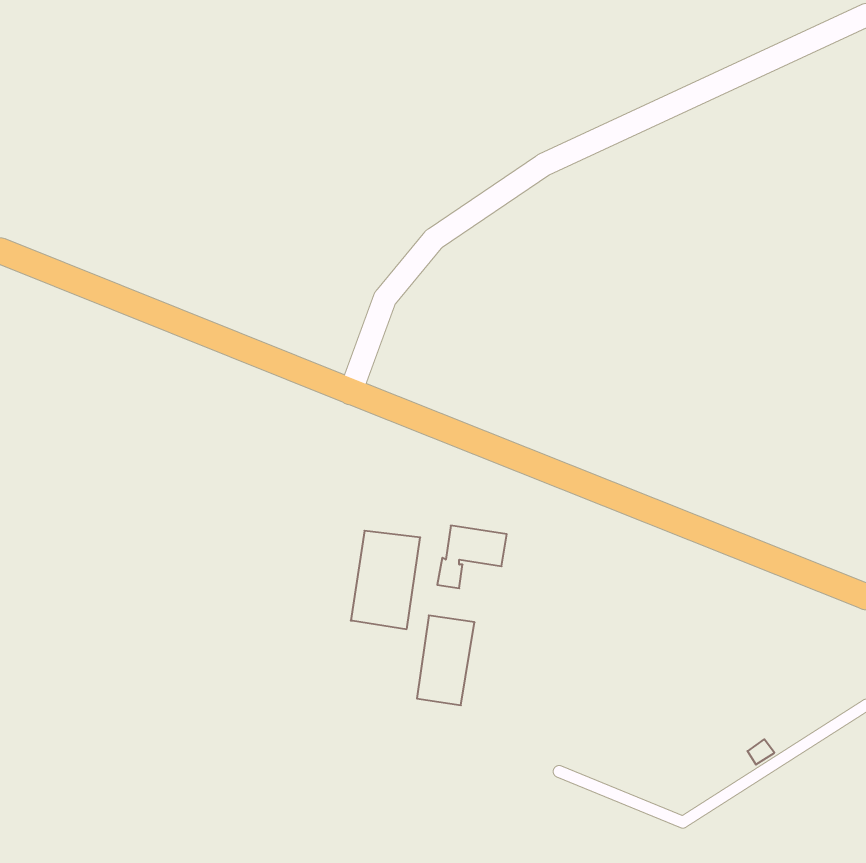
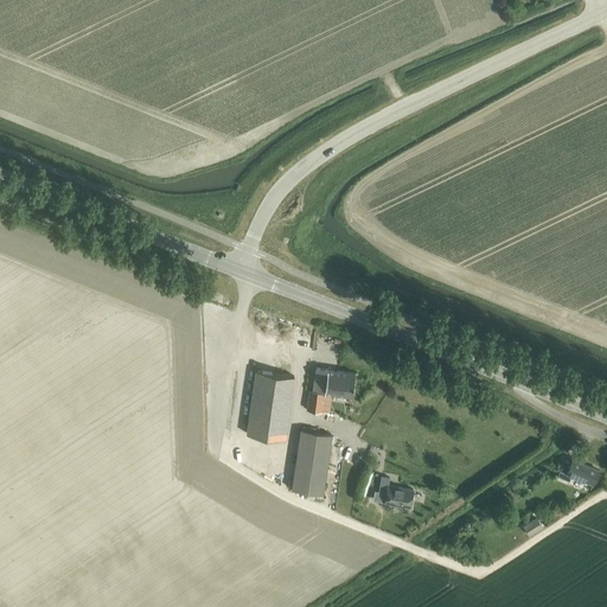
building: none -> [556,461,599,486]
building: none -> [378,479,413,510]

